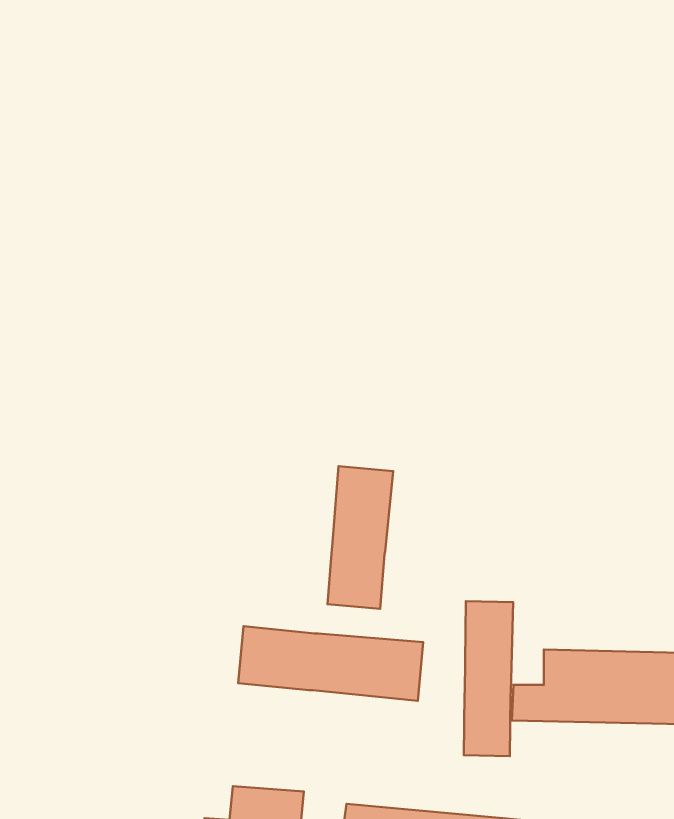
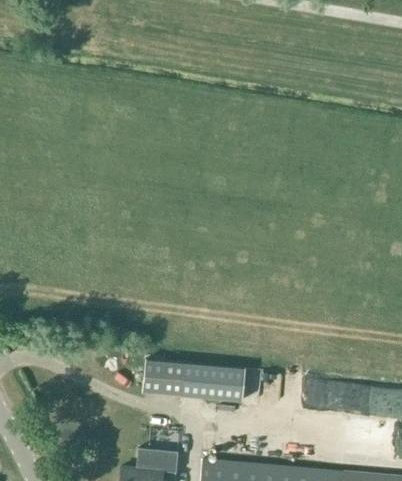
building: [327,466,393,609] -> none
building: [464,601,513,756] -> none

